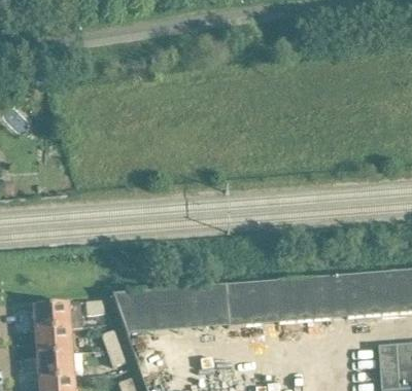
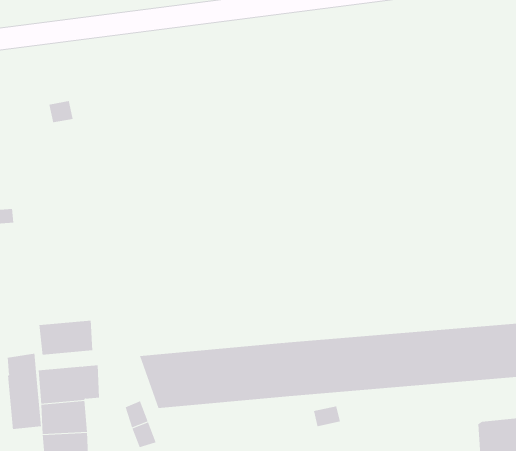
building: none -> [39,320,93,355]
building: none -> [7,353,41,430]

